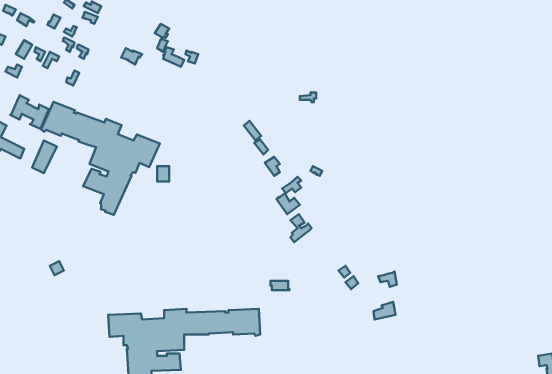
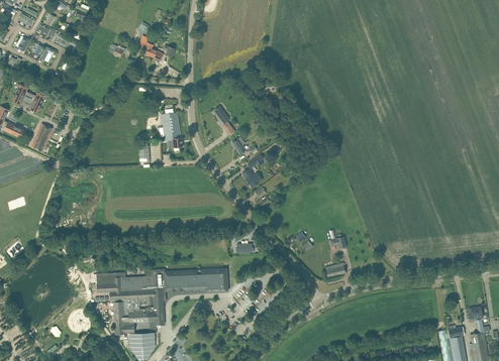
building: [41,102,160,215] -> none
building: none -> [162,112,183,151]

